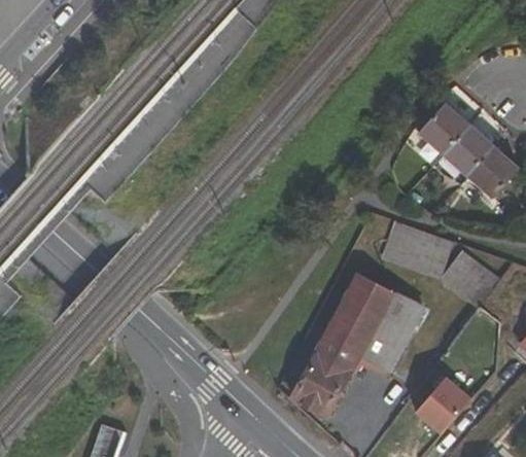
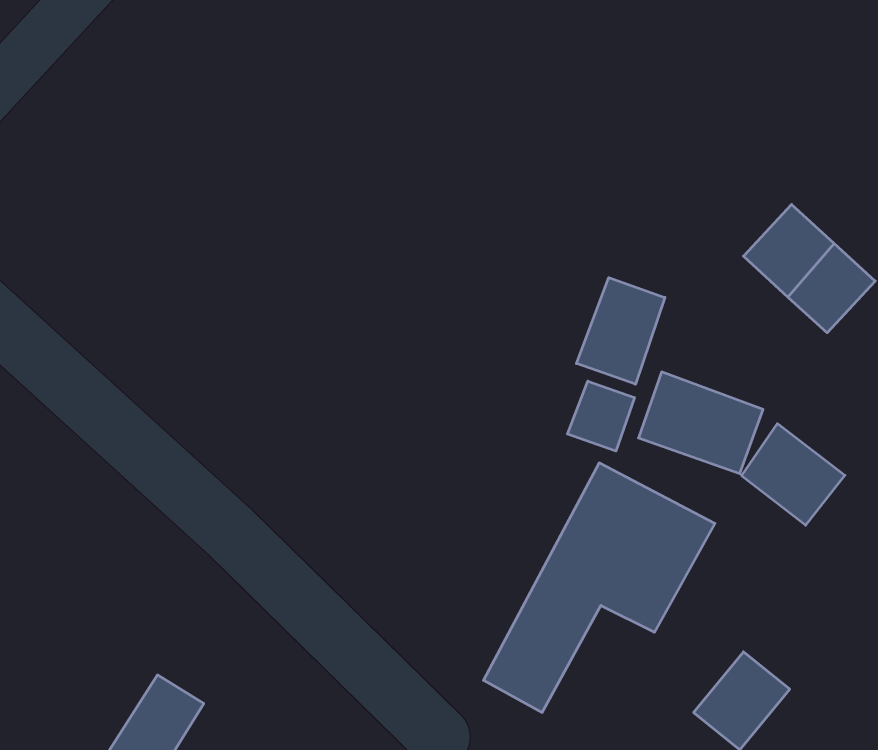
building: [417,101,469,152] -> none
building: none -> [576,278,665,384]
building: none -> [567,381,634,451]

